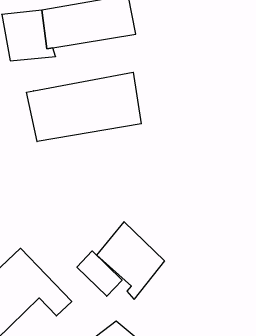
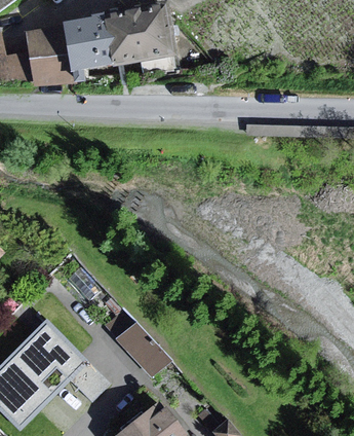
building: [27,72,141,142] -> none
building: [97,222,164,299] -> none

